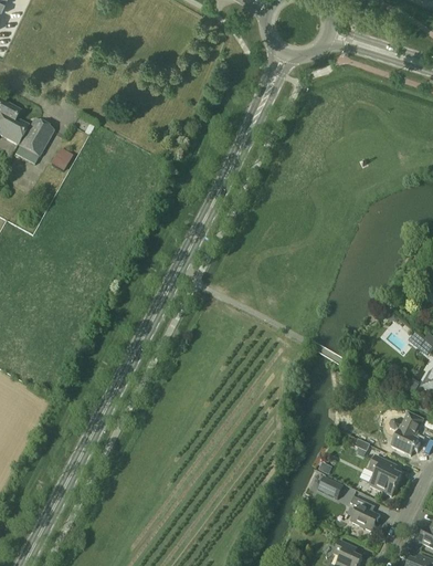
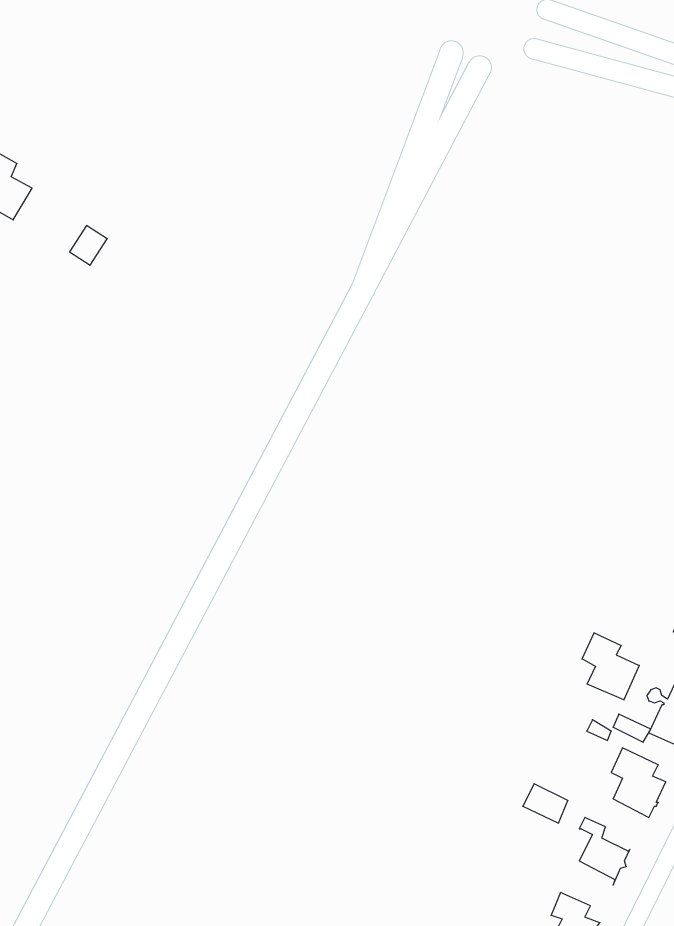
building: [19,118,55,157] -> none
building: none -> [582,633,639,700]

